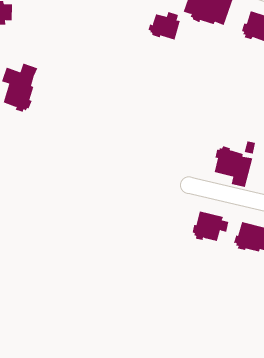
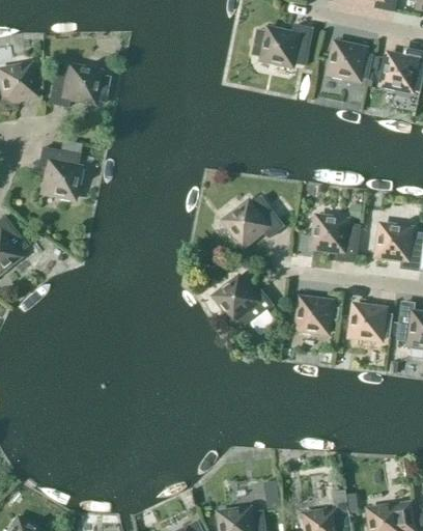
building: none -> [48,65,110,106]
building: [148,11,180,40] -> none
building: none -> [224,195,284,244]
building: none -> [214,276,275,333]

